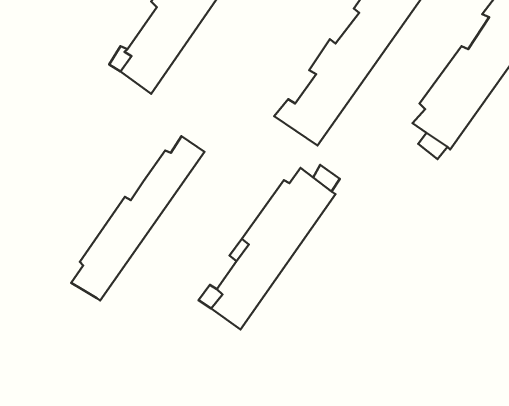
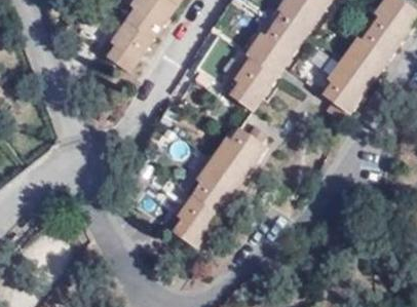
building: [71,136,205,301] -> none

